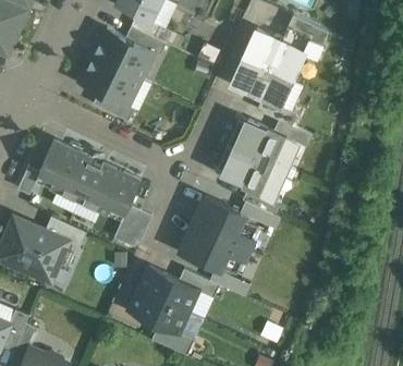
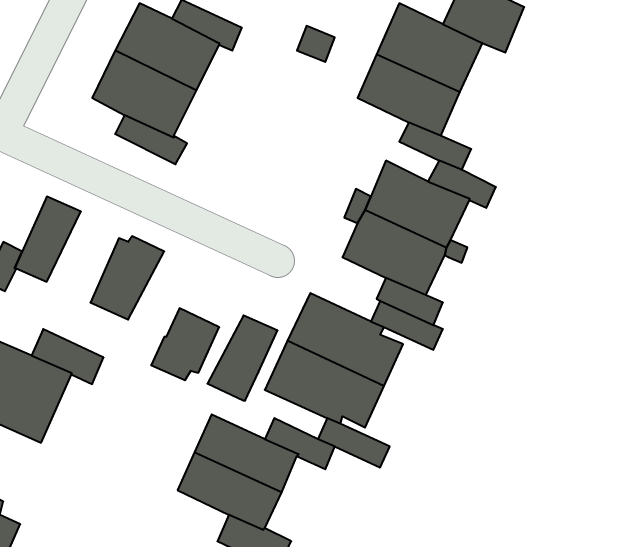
building: [53,149,95,202] -> none
building: [100,172,141,221] -> [207,315,278,401]

